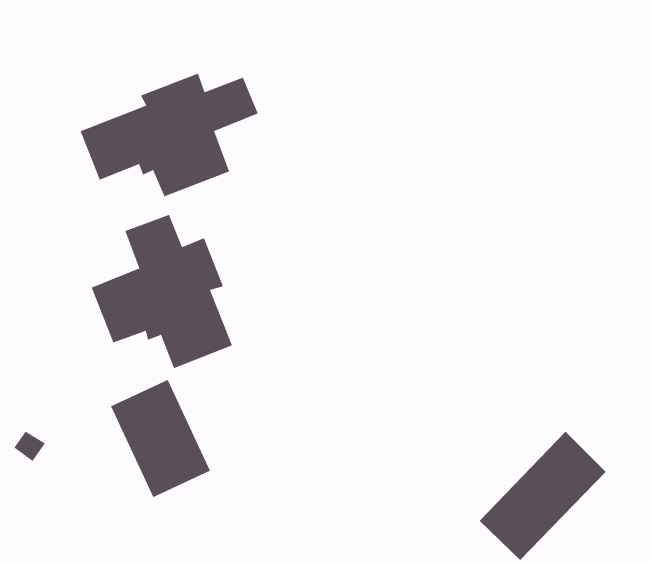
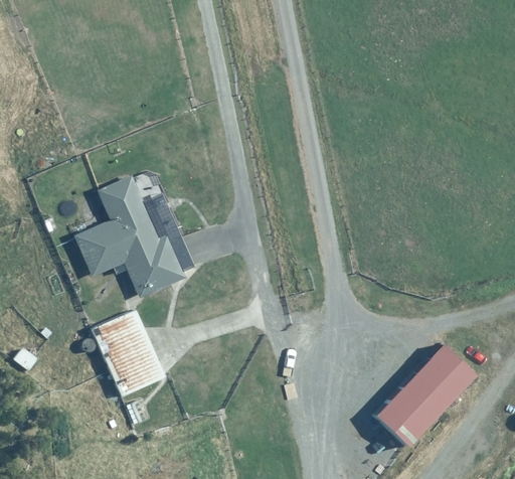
building: [80,73,259,197] -> none

